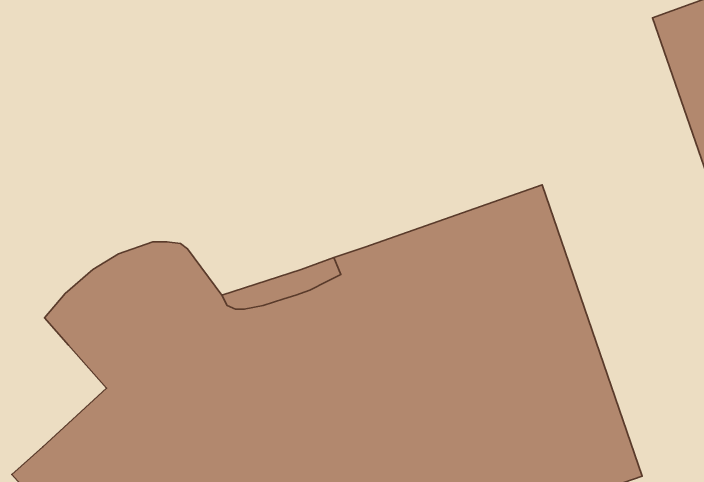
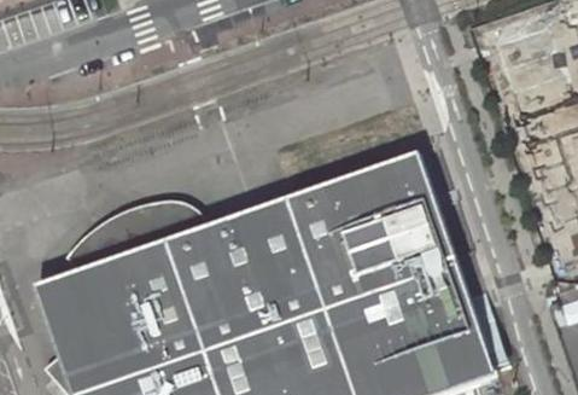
building: none -> [46,269,110,341]

